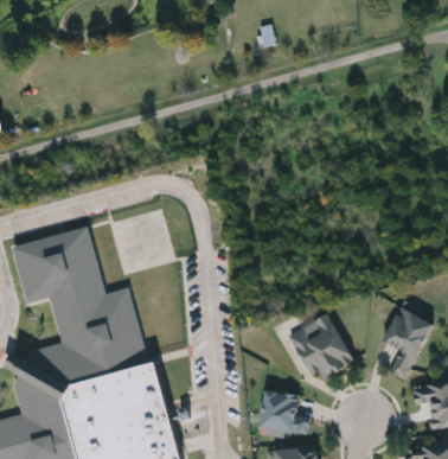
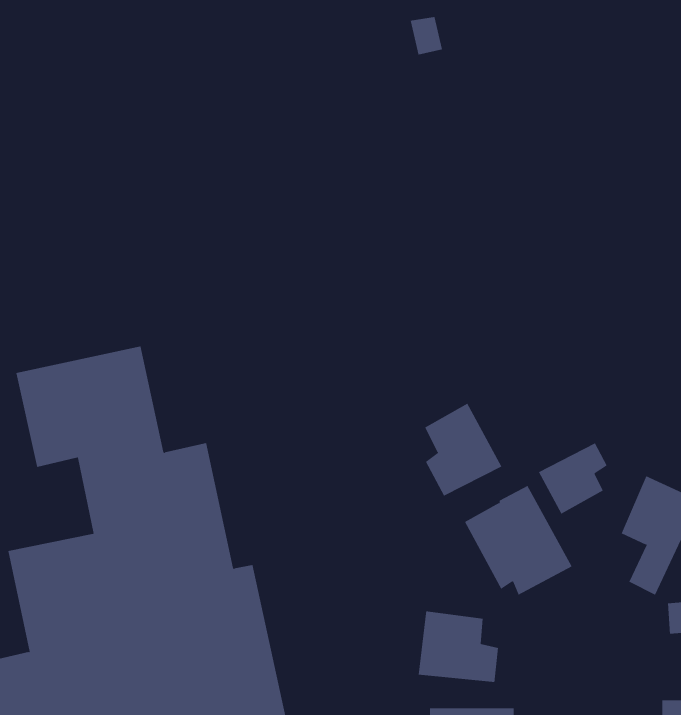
building: none -> [424,403,502,497]
building: none -> [538,442,608,514]

